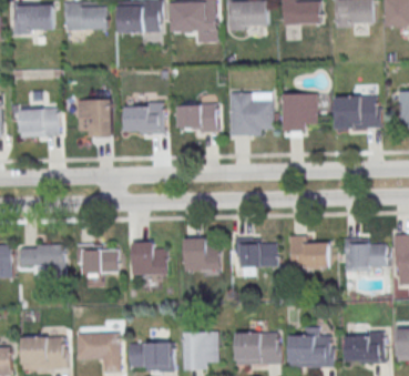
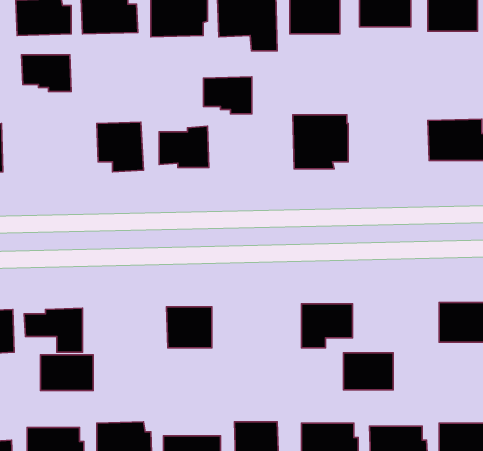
building: [282,93,318,133] -> none
building: [178,104,216,133] -> [203,77,252,114]
building: [20,109,59,138] -> [21,55,71,92]
building: [184,240,219,272] -> none
building: [289,240,328,268] -> [343,353,393,390]
building: [76,246,117,274] -> [41,355,93,390]

